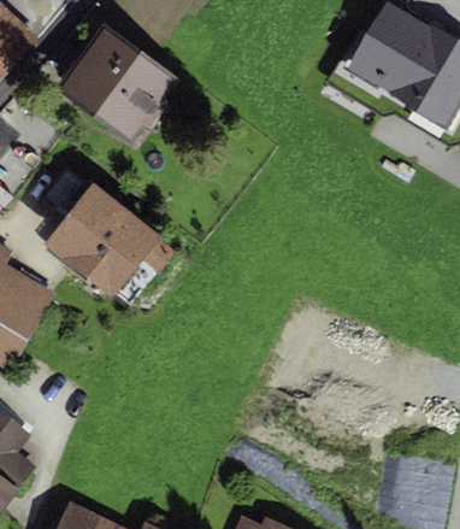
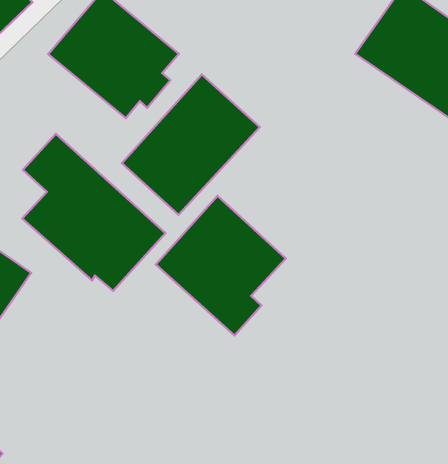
building: none -> [122,75,260,215]
building: none -> [156,196,286,335]

